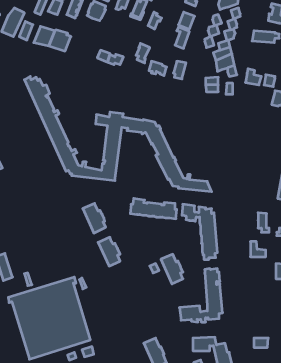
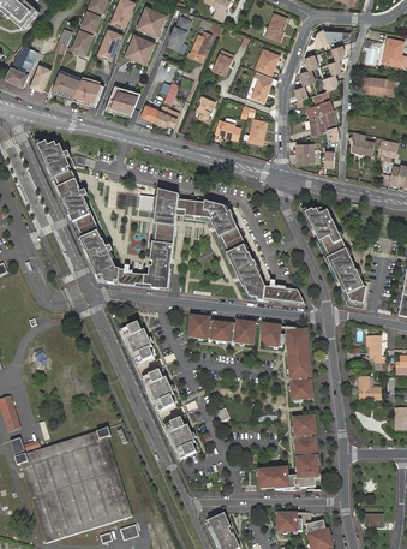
building: none -> [106,84,140,115]
building: none -> [305,207,366,303]
building: [161,254,183,284] -> [164,417,196,459]

